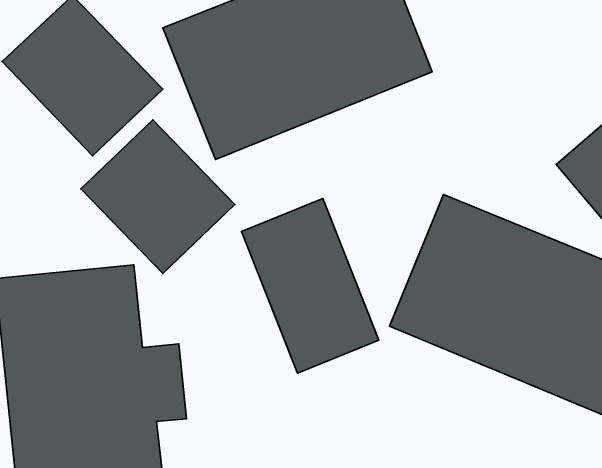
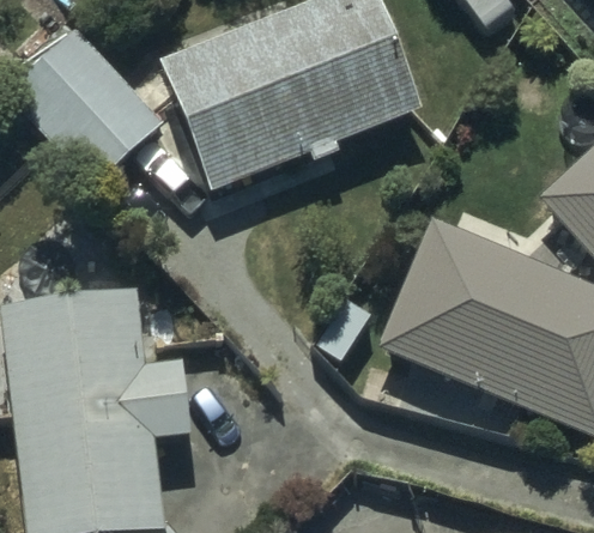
building: [81,120,235,274] -> none
building: [241,198,379,373] -> none

